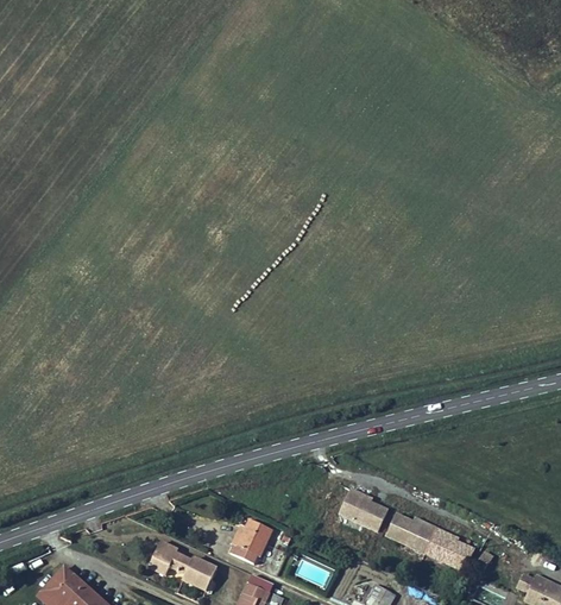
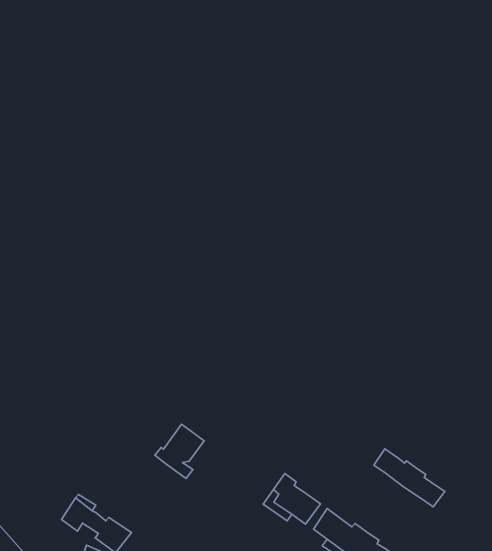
building: none -> [374,449,445,507]
building: [229,516,273,566] -> [155,424,204,478]

